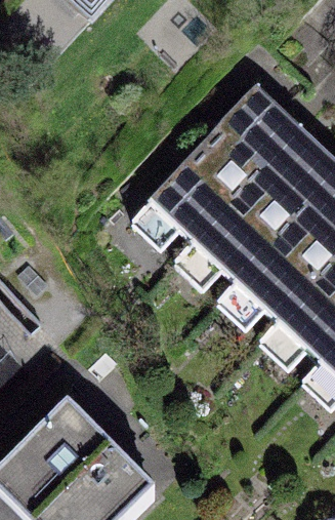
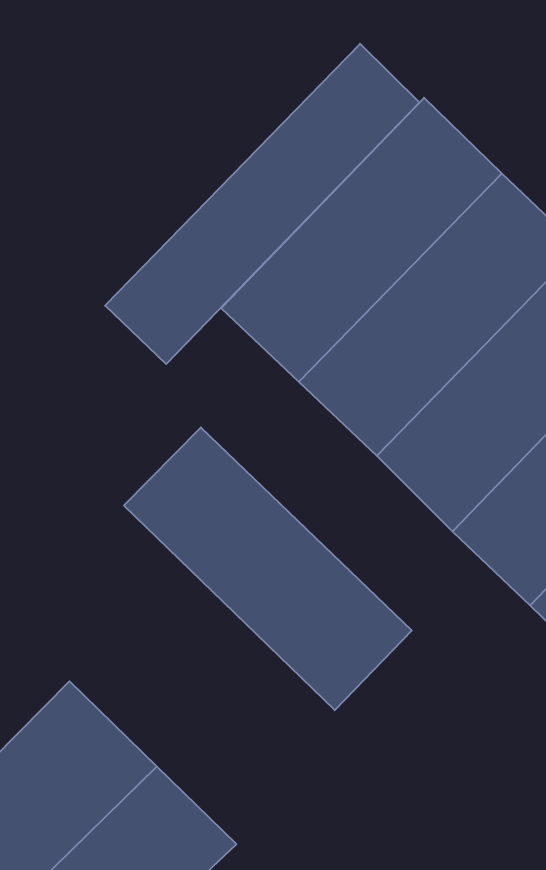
building: none -> [105,44,419,364]
building: none -> [124,427,412,710]

